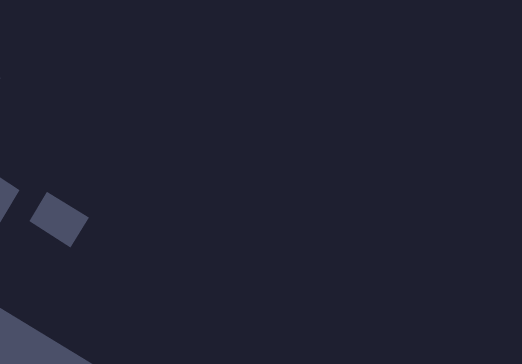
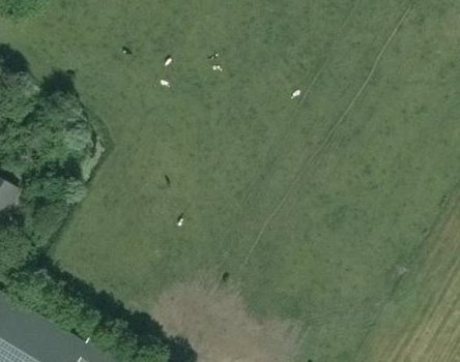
building: [28,191,90,248] -> none

